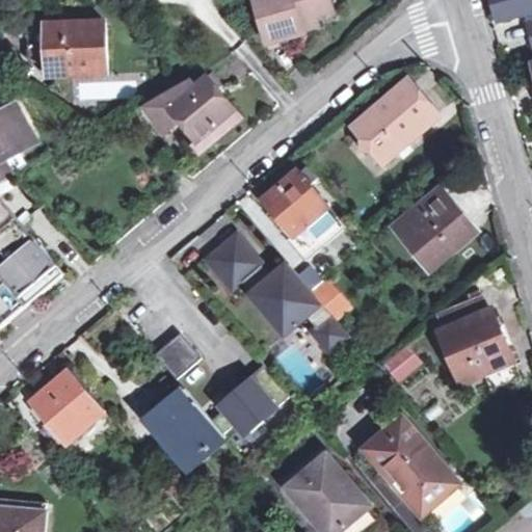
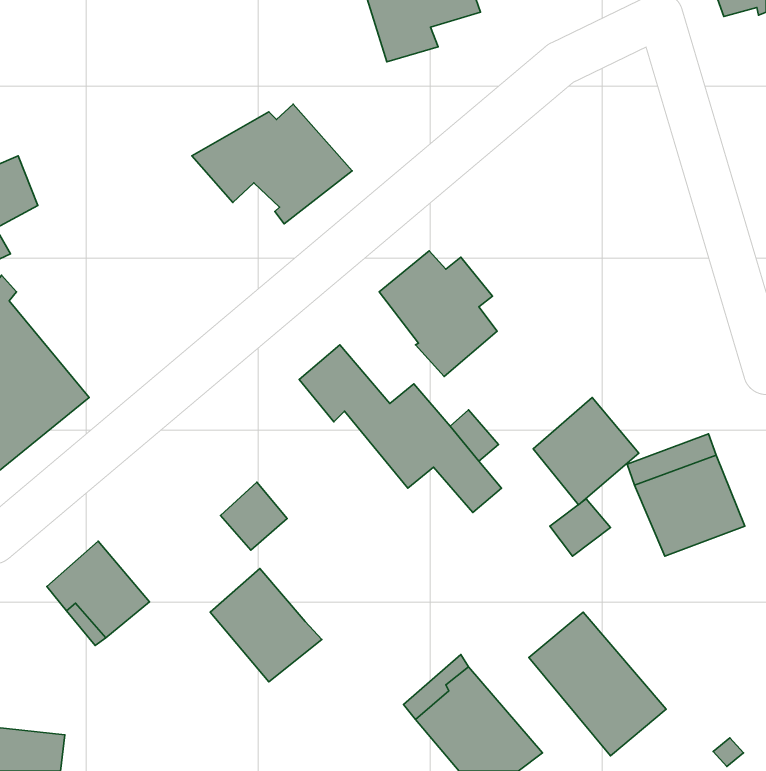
building: [38,20,103,77] -> none
building: [353,79,438,163] -> none
building: [398,193,471,267] -> [533,397,639,505]
building: [210,370,291,441] -> none

